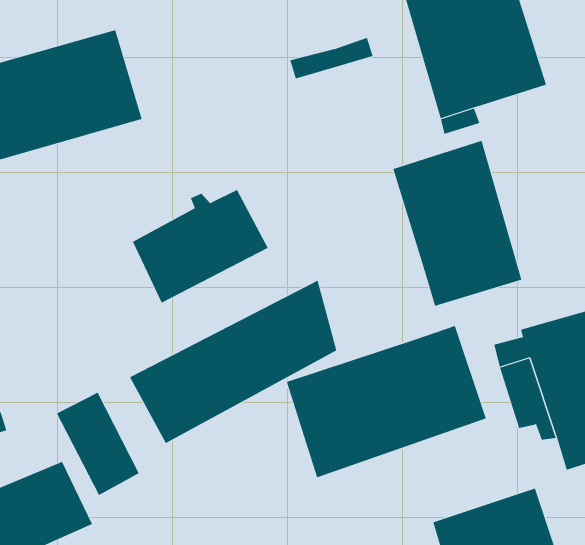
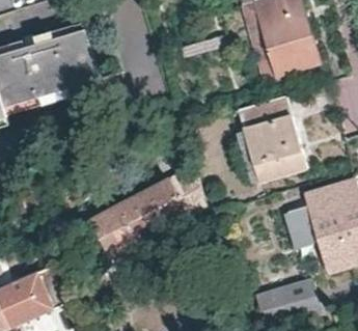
building: [132,189,269,303] -> none
building: [286,325,486,478] -> none
building: [56,392,139,496] -> none

